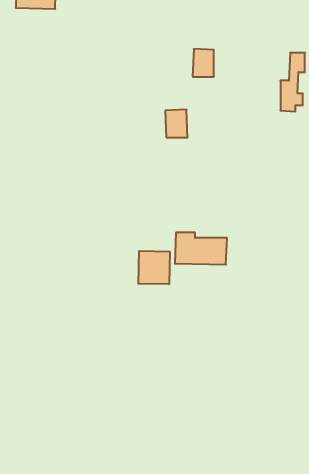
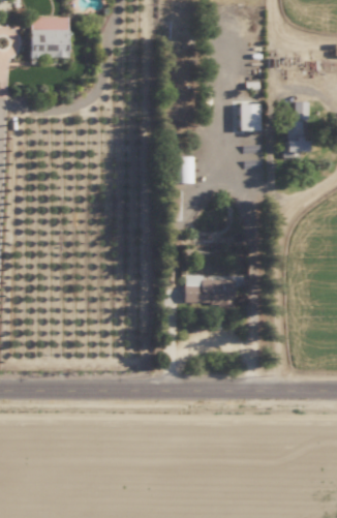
building: [193,49,214,77] -> [240,102,261,129]
building: [138,251,170,284] -> none

